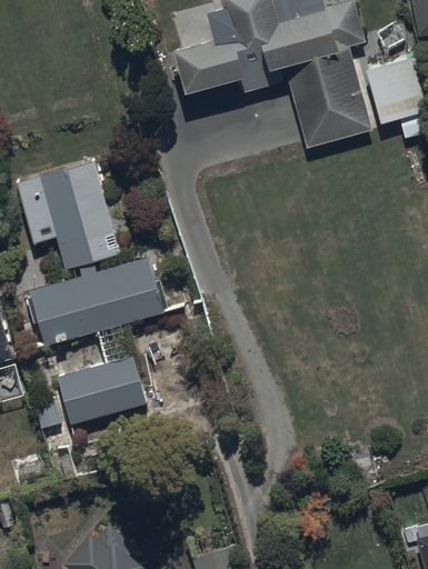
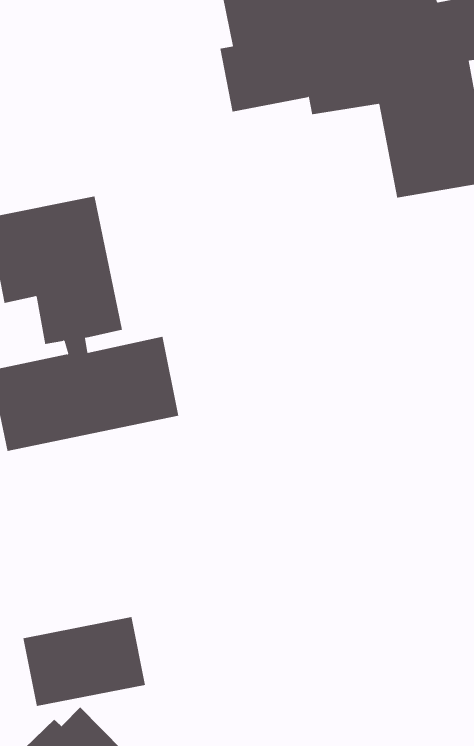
building: [57,356,147,425] -> [22,617,146,707]

